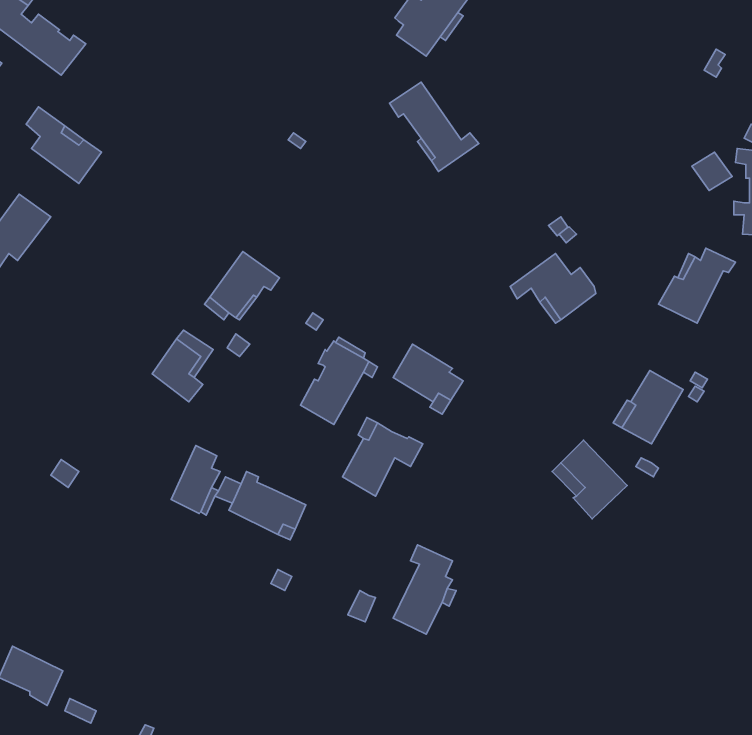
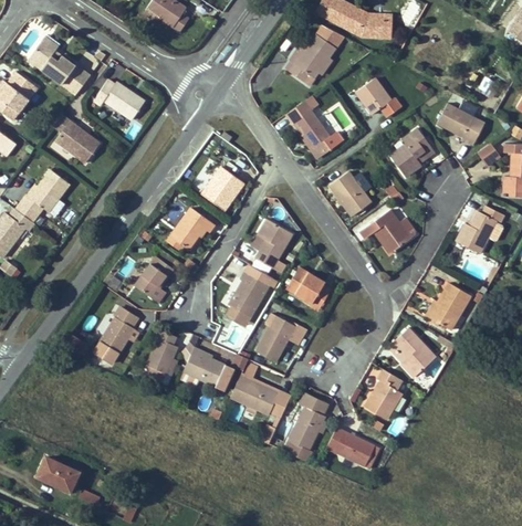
building: none -> [356,78,400,115]
building: none -> [107,82,148,120]
building: none -> [437,103,486,145]
building: none -> [390,127,435,177]
building: none -> [201,167,244,211]
building: none -> [330,171,370,215]
building: none -> [254,219,292,267]
building: none -> [94,307,136,362]
building: none -> [365,369,401,419]
building: none -> [230,375,278,415]
building: none -> [326,427,379,467]

